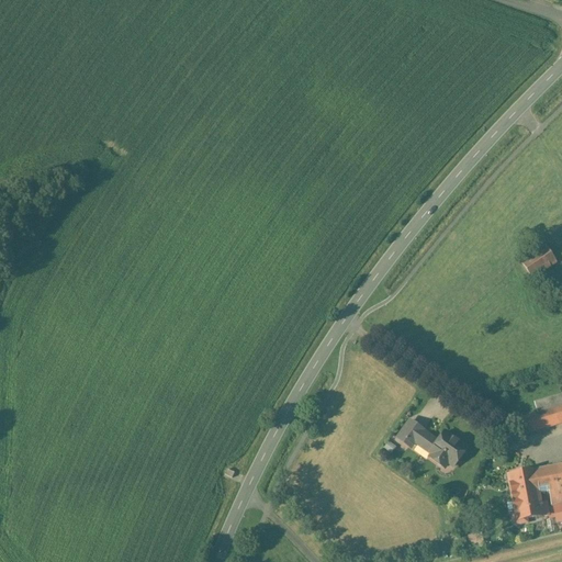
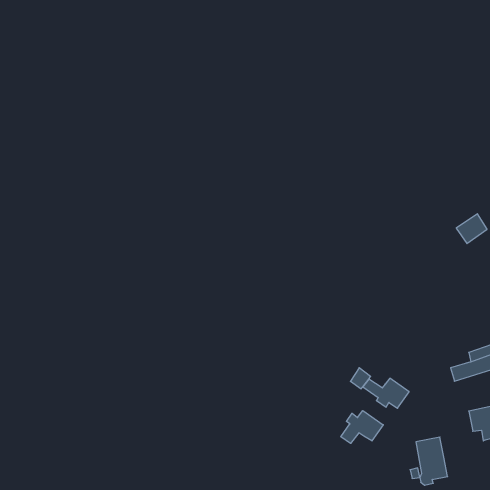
building: none -> [341,411,383,443]
building: [509,469,546,524] -> [416,437,448,485]

